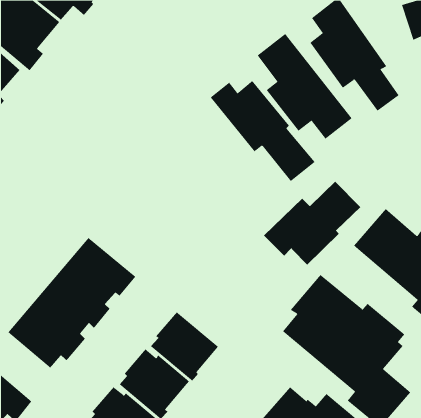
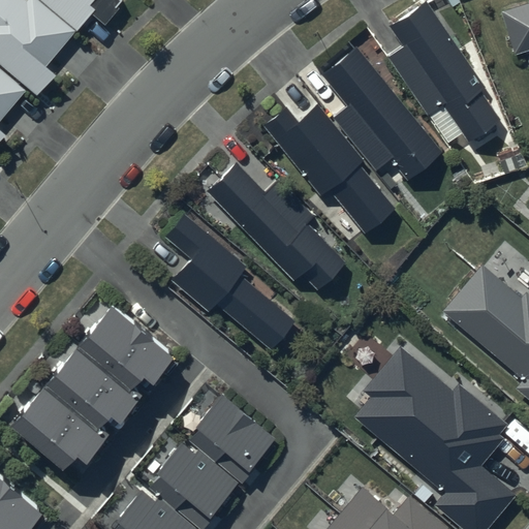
building: none -> [209,163,347,290]
building: none -> [167,214,303,354]
building: [263,181,361,265] -> none

